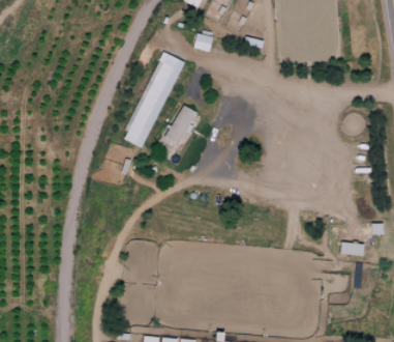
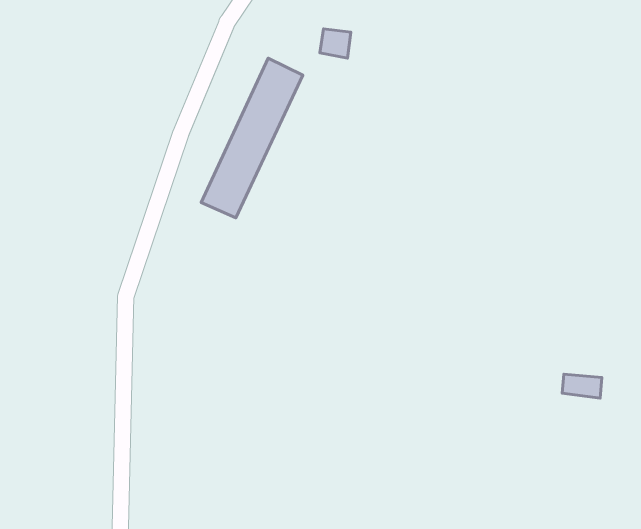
building: [166,105,195,145] -> none

